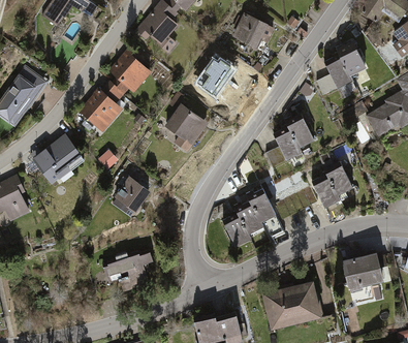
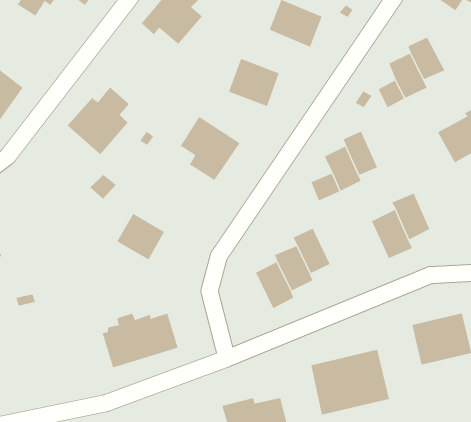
building: [107,48,155,94] -> none
building: [31,133,81,184] -> none

